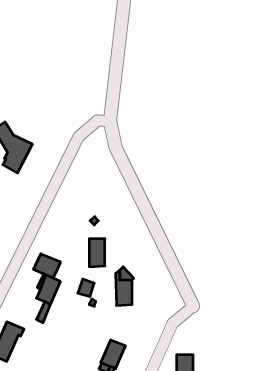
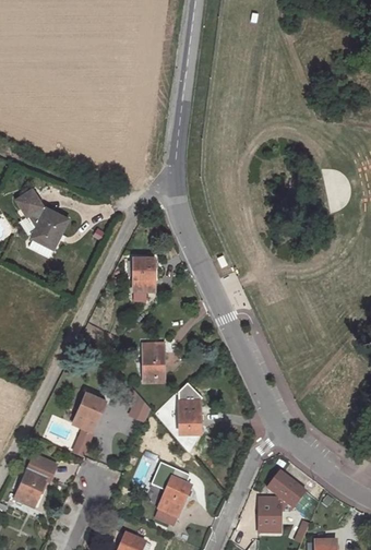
building: none -> [132,256,155,289]
building: [34,254,60,278] -> none
building: none -> [268,473,307,511]

